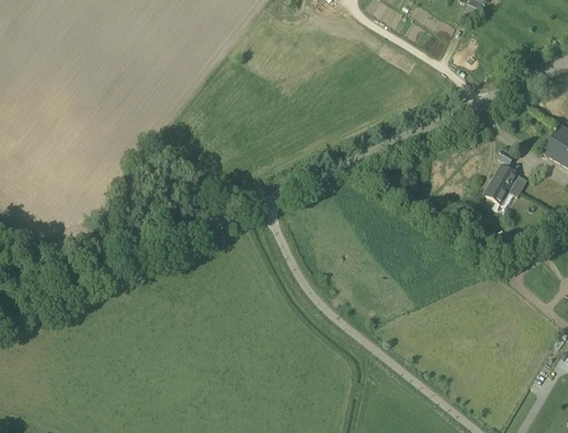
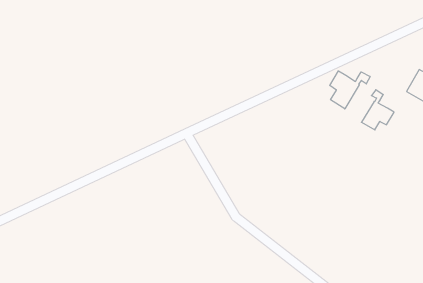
building: none -> [330,71,370,109]

